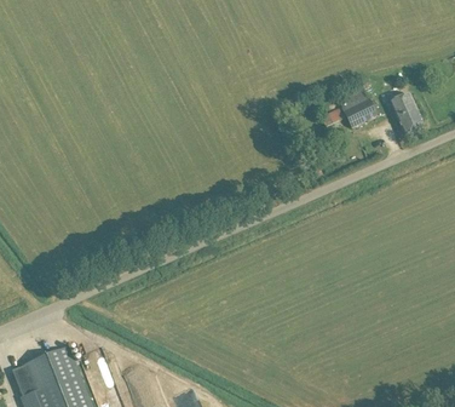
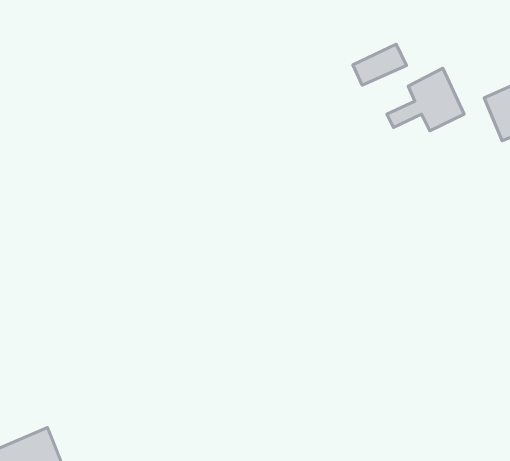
building: none -> [353,44,406,85]

